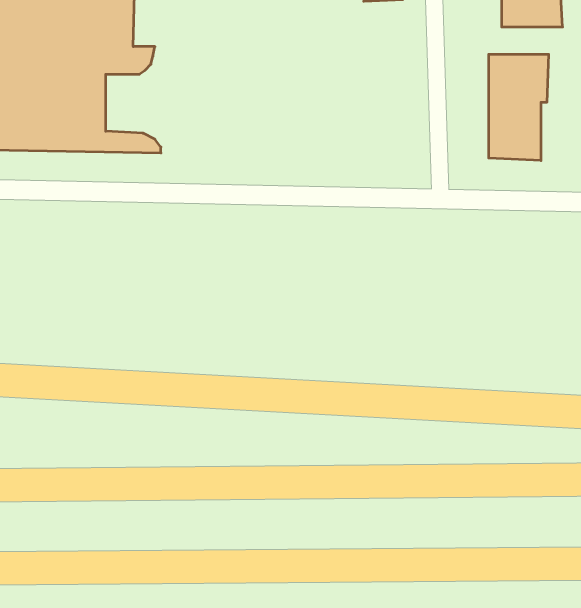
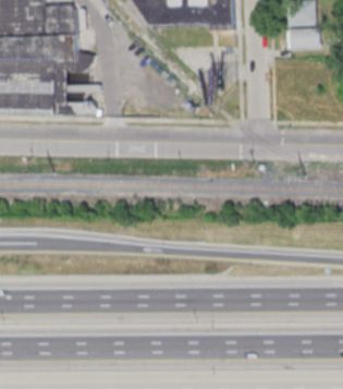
building: [489,54,549,161] -> none

